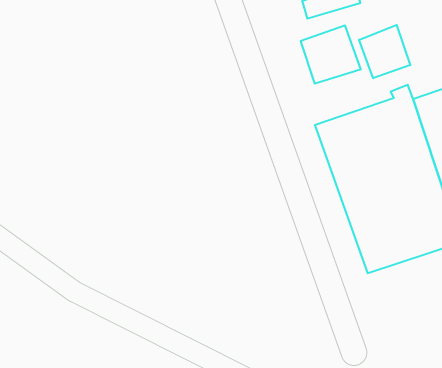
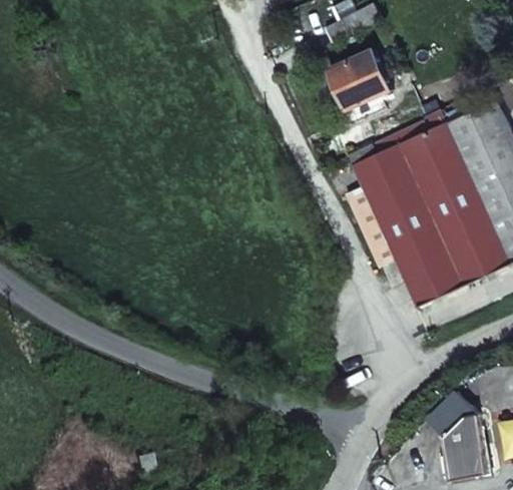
building: [359,25,410,78] -> none

